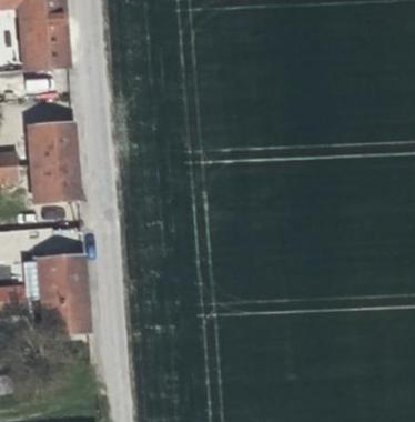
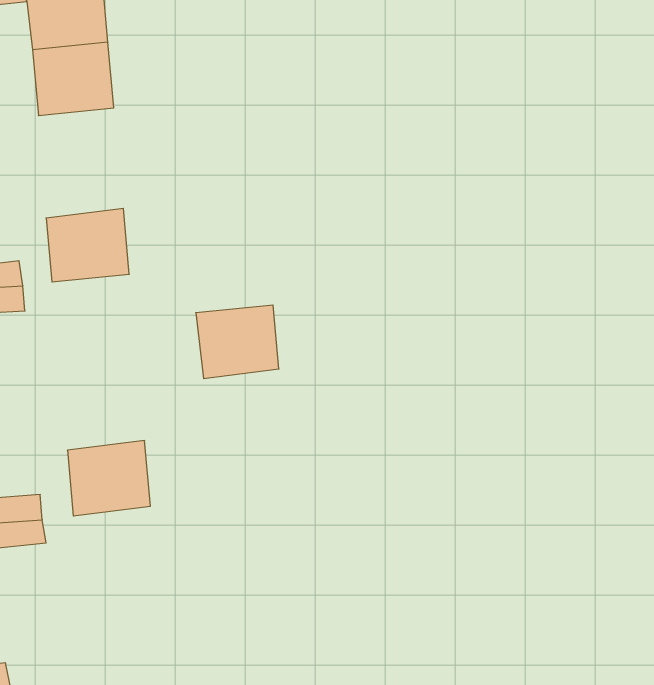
building: [31,159,79,201] -> [196,305,279,379]
building: [43,292,91,334] -> none

